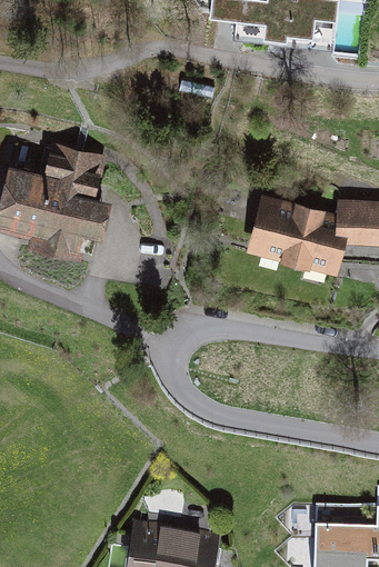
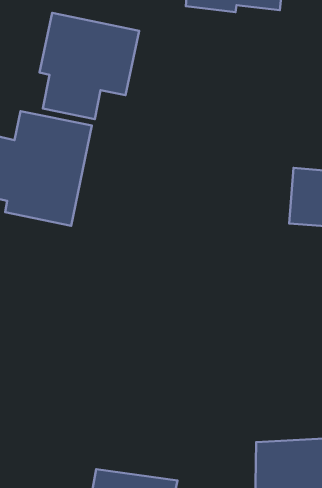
building: none -> [40,13,139,119]
building: [246,191,336,268] -> none

